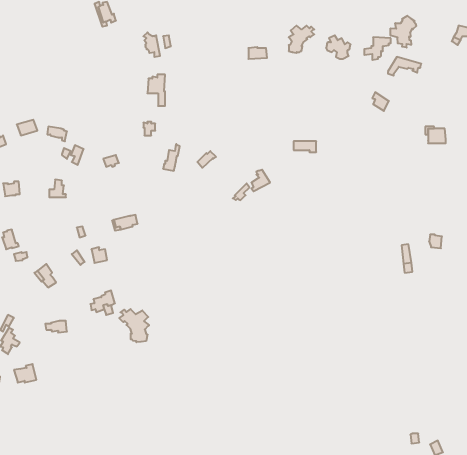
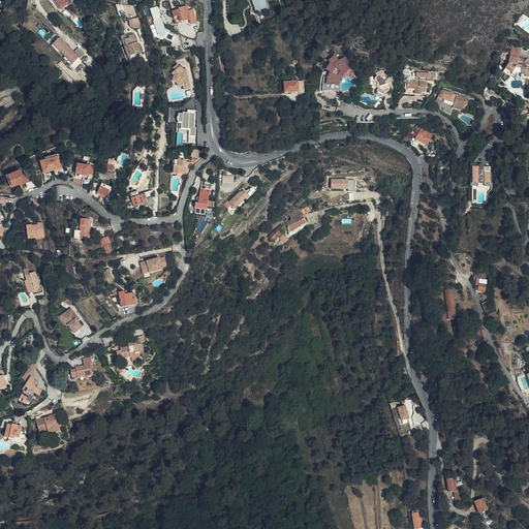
building: none -> [52,35,85,67]
building: [391,16,416,48] -> none
building: [119,309,149,342] -> none

